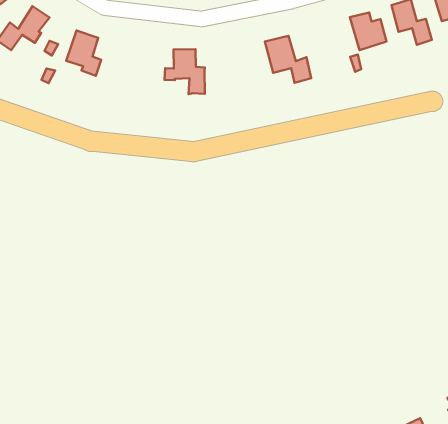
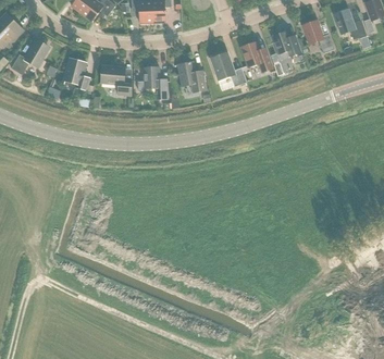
building: none -> [240,40,272,72]
building: none -> [100,64,131,95]
building: none -> [174,61,207,91]

